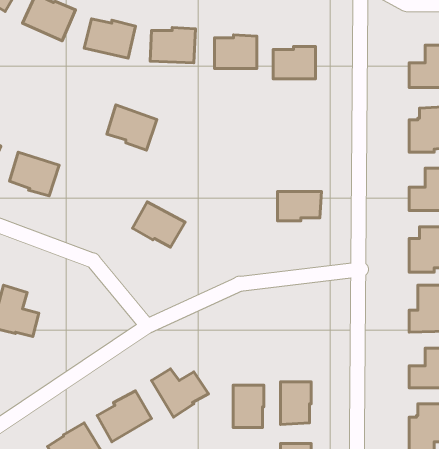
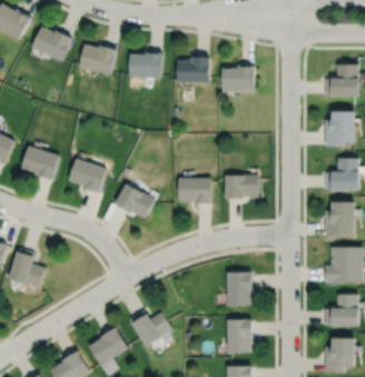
building: [107,105,157,150] -> [69,158,107,192]
building: none -> [178,178,210,202]
building: [233,385,264,428] -> [227,272,250,305]

